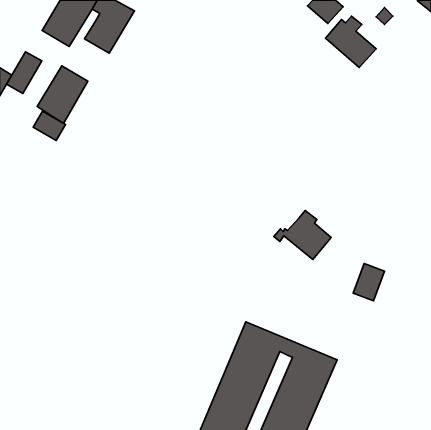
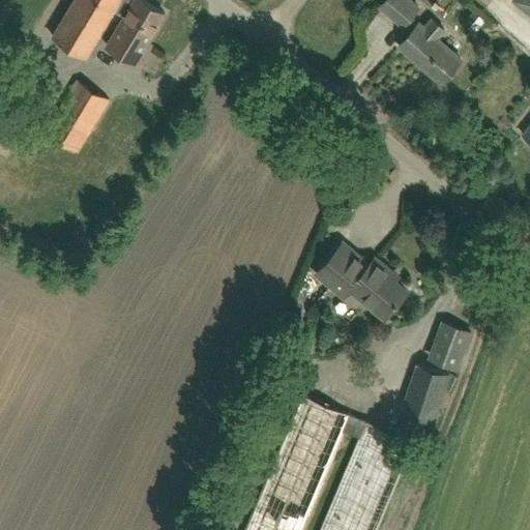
building: [7,52,42,94] -> none
building: [33,111,65,141] -> none
building: none -> [316,244,366,292]
building: none -> [398,366,448,437]

